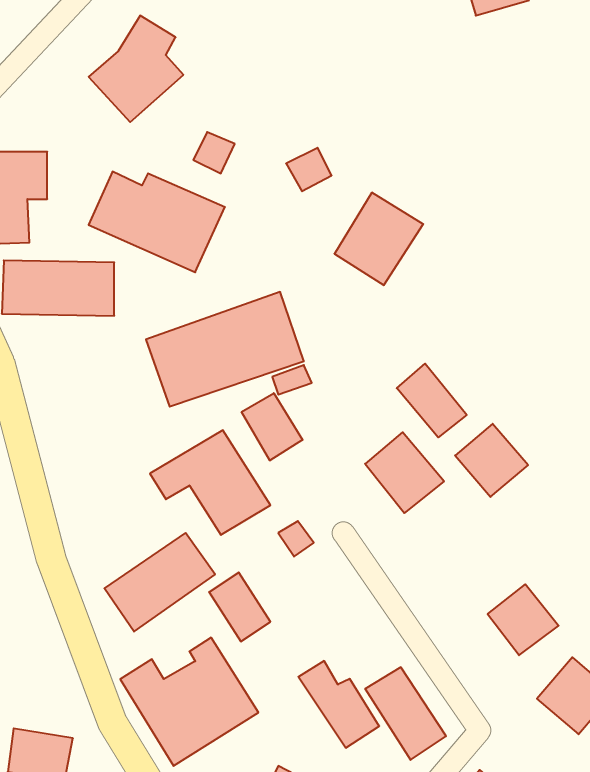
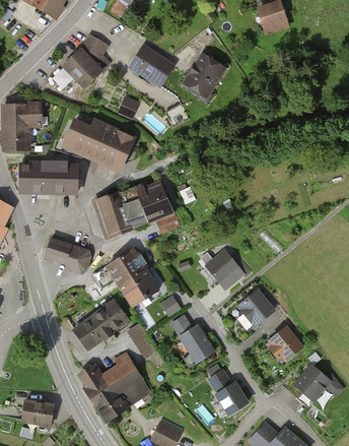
building: none -> [129,45,176,88]
building: [334,193,423,285] -> [183,54,228,102]
building: [397,364,467,437] -> none
building: [242,393,303,461] -> none
building: none -> [44,236,89,270]
building: [455,424,528,497] -> [238,290,276,327]
building: [298,661,379,748] -> [170,314,212,359]

